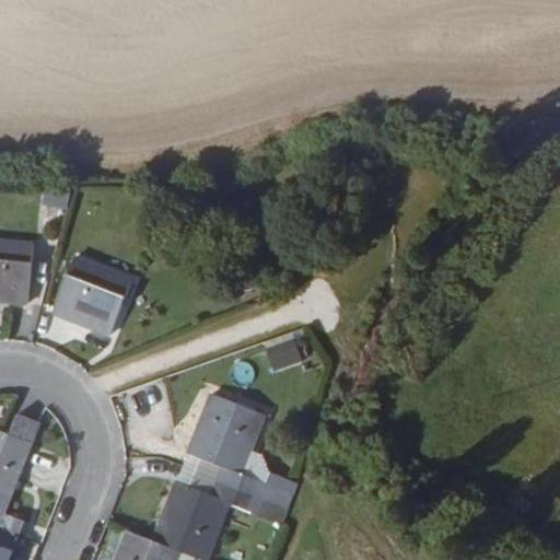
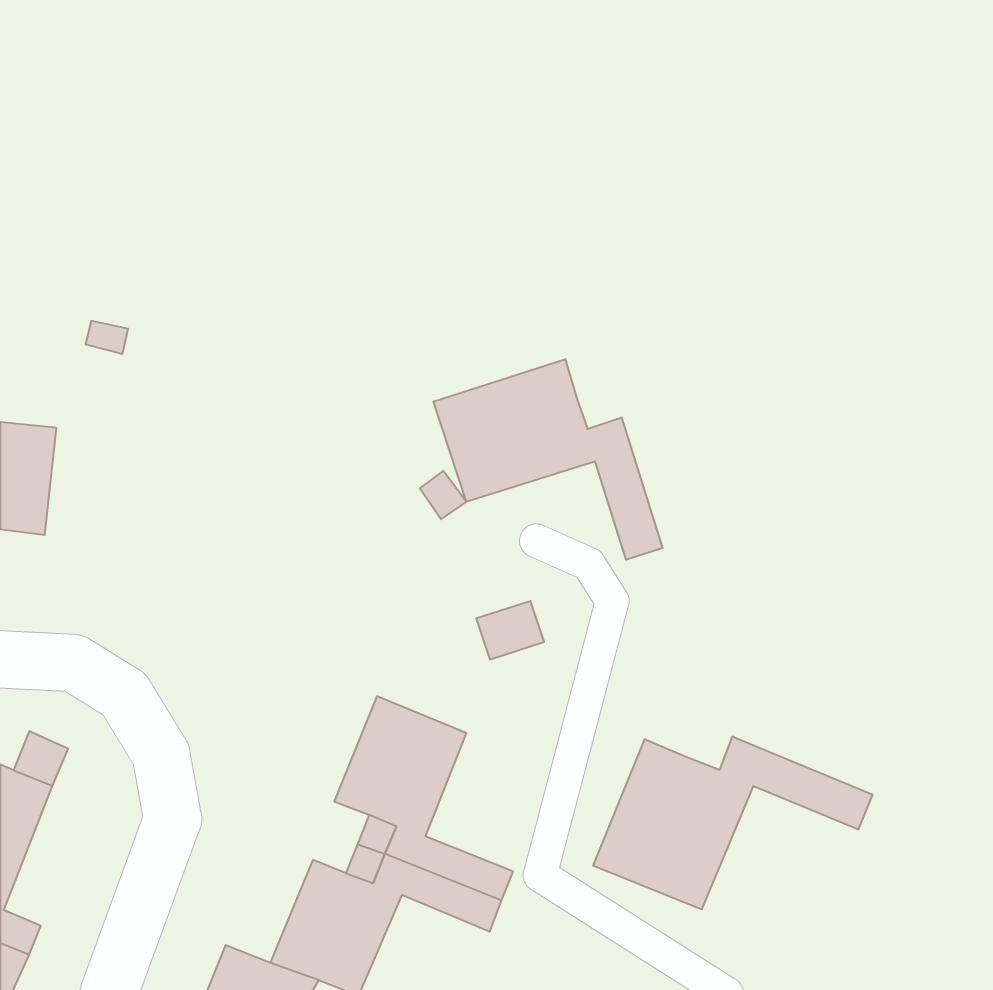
building: none -> [434,359,663,560]
building: [50,257,131,335] -> none
building: none -> [593,736,873,909]

